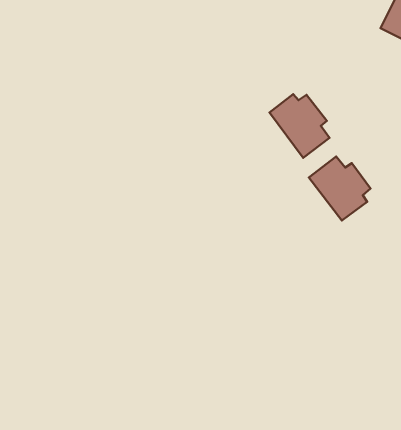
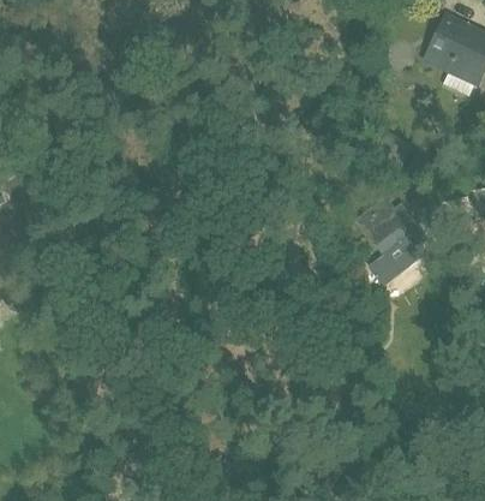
building: [269,94,330,158] -> none

